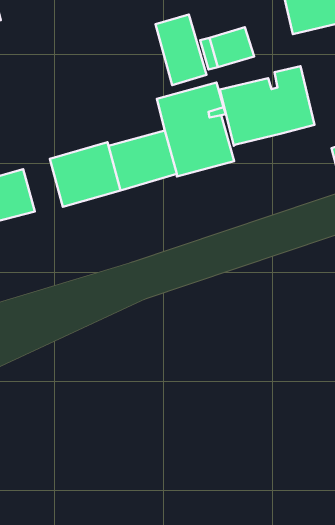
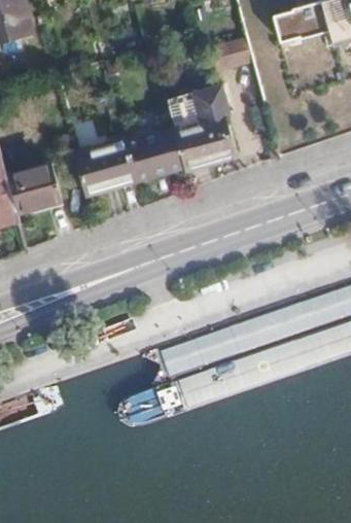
building: [155,14,206,85] -> none
building: [220,66,315,146] -> none

